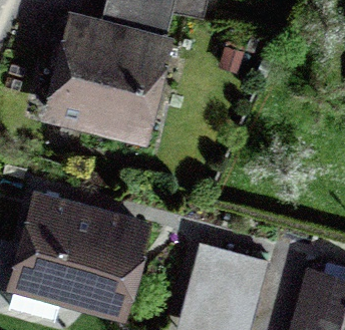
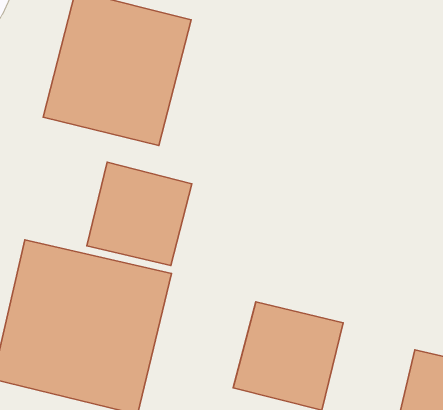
building: none -> [87,162,192,266]

